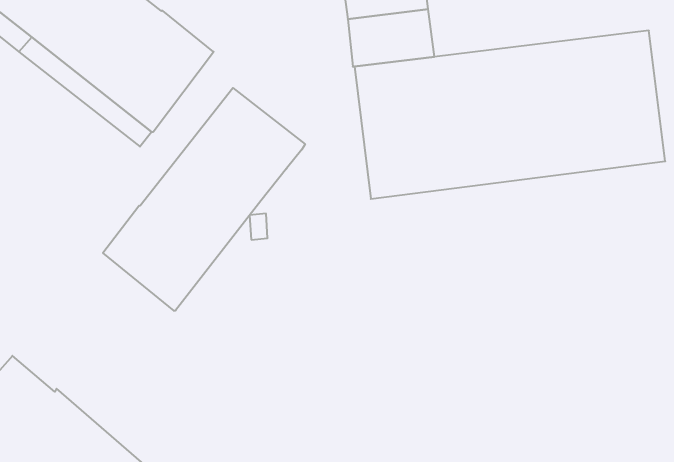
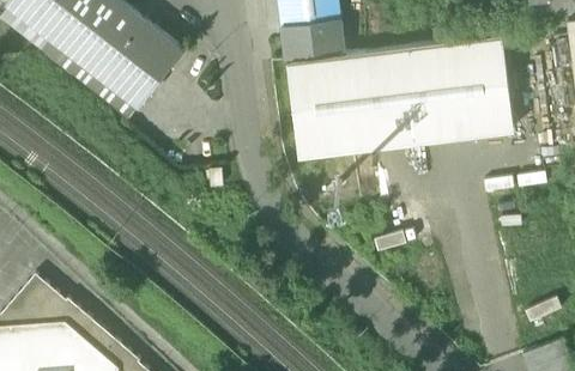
building: [103,88,305,311] -> none

